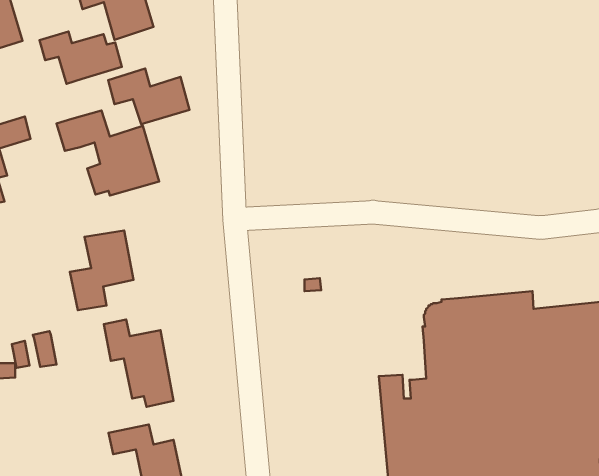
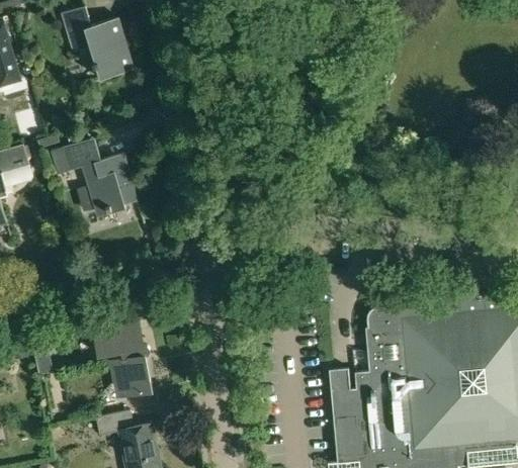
building: [40,32,122,84] -> none
building: [108,68,189,124] -> none
building: [70,230,134,310] -> none

